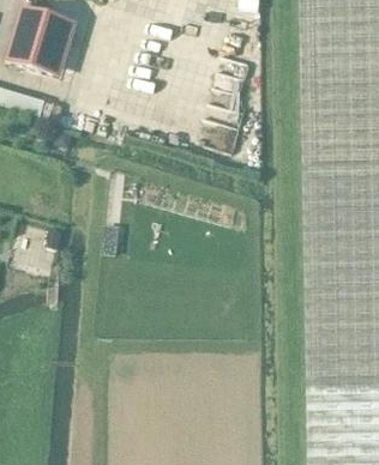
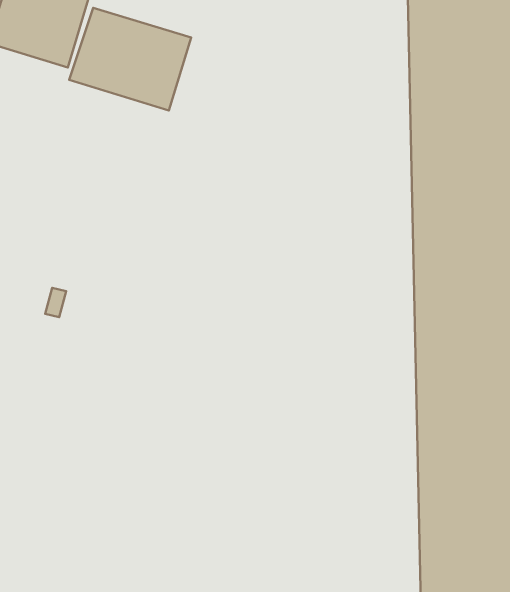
building: none -> [69,8,191,111]

